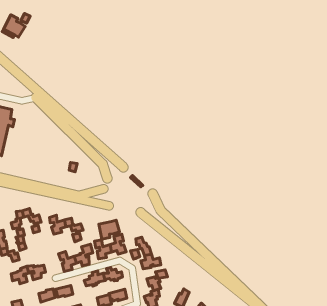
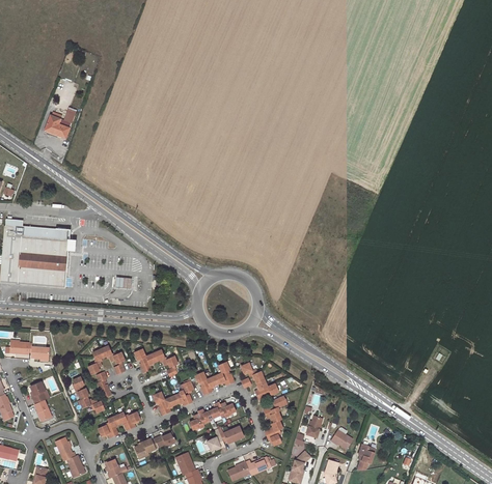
building: [99,220,120,239] -> none

